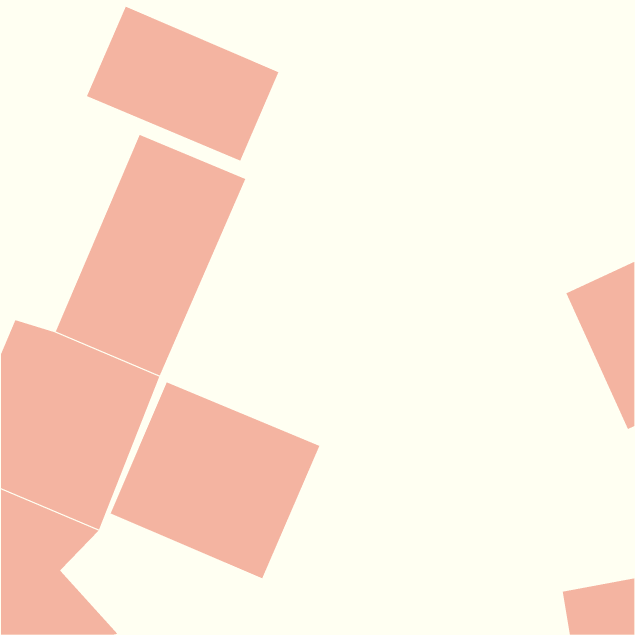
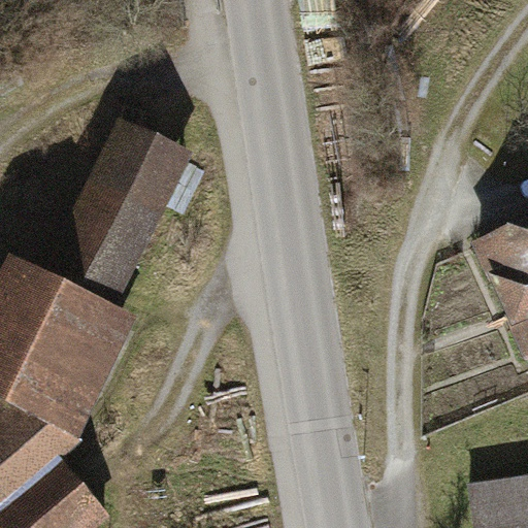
building: [86,6,279,161] -> none
building: [110,382,320,579] -> none

